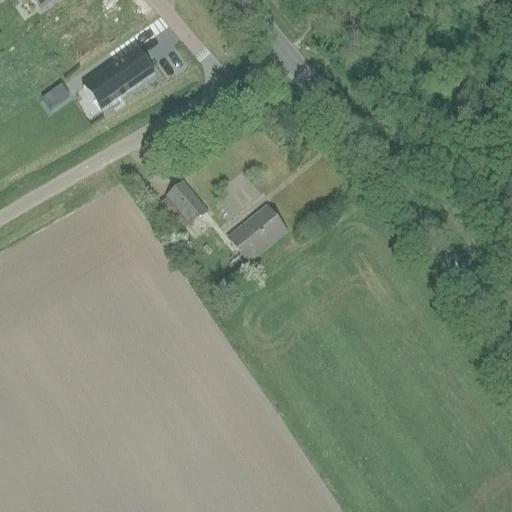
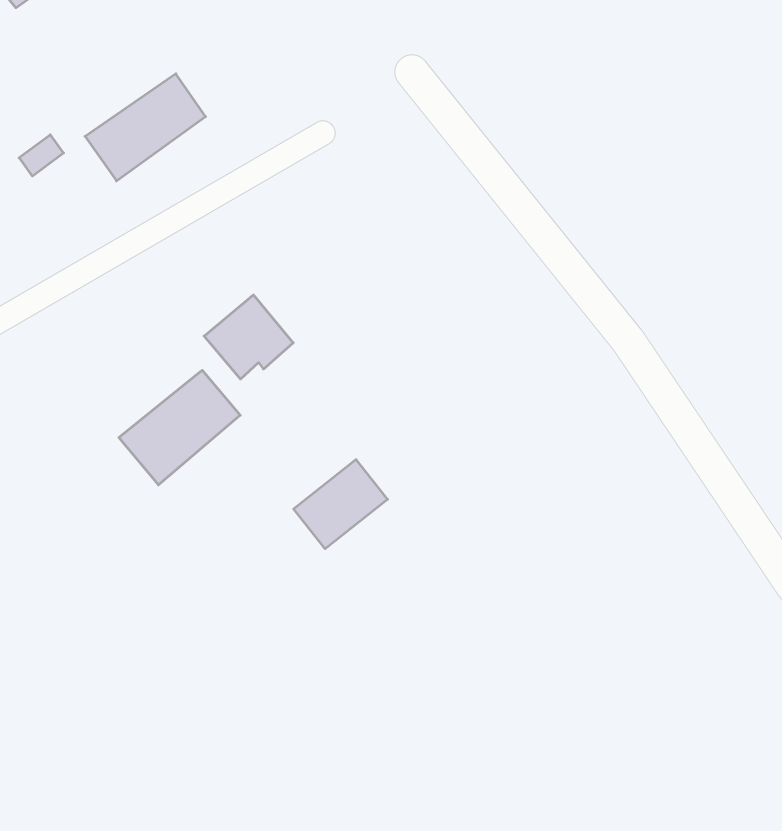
building: [230,205,287,259] -> [294,460,388,549]
building: none -> [119,370,240,485]

